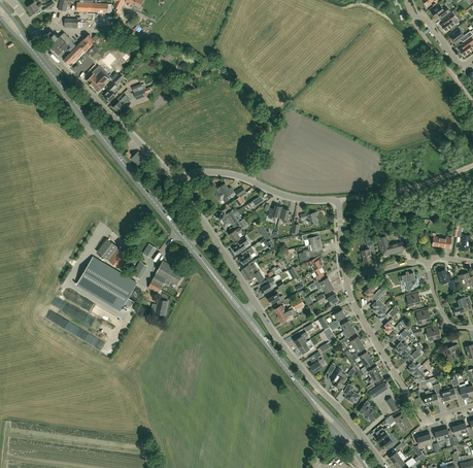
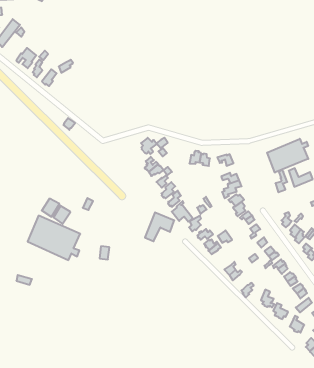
building: none -> [267,139,308,173]
building: [148,261,183,293] -> [145,212,174,241]

